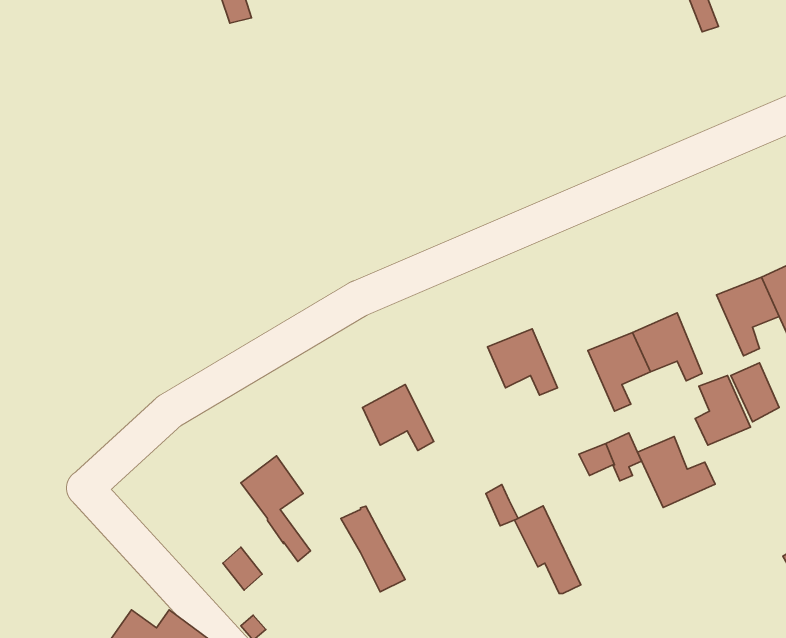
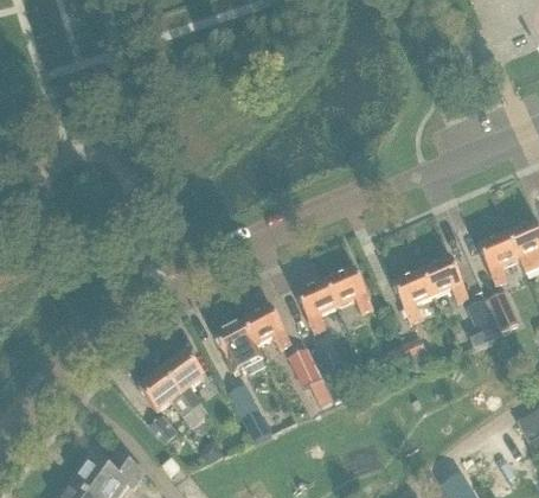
building: none -> [296,279,338,331]
building: none -> [213,319,262,372]
building: [637,436,715,507] -> none
building: none -> [139,369,200,428]
building: [515,506,581,594] -> [288,346,332,404]

